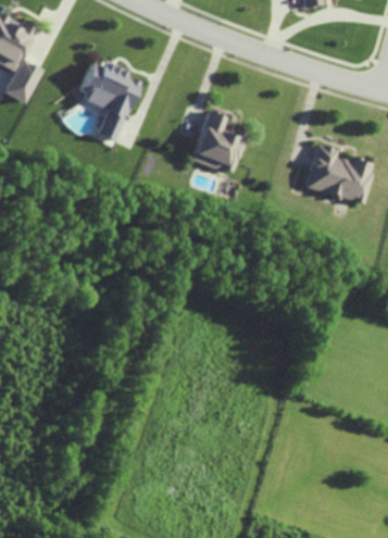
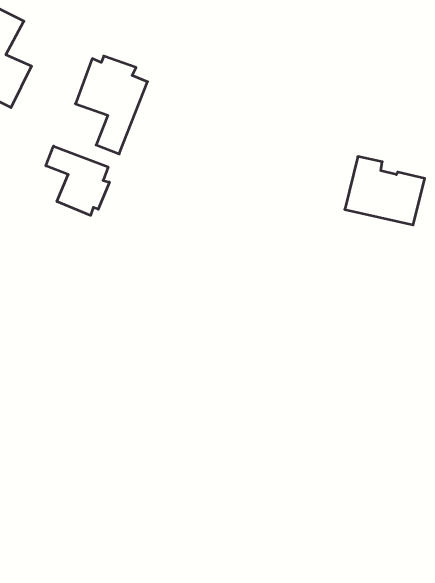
building: [190,109,245,173] -> none
building: none -> [46,146,109,215]

